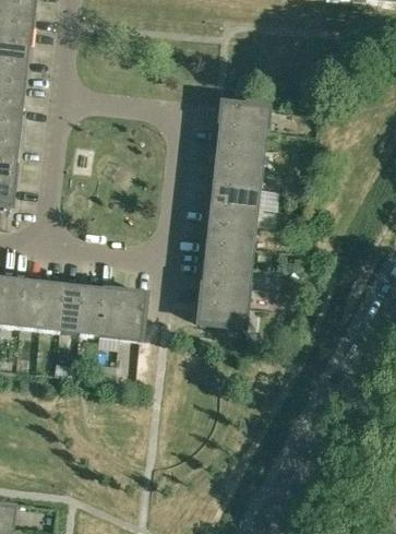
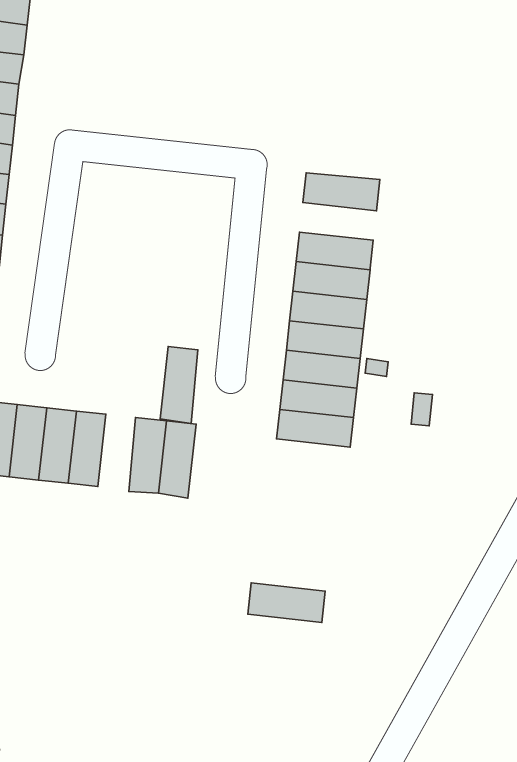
building: [217,102,268,128] -> none
building: [213,143,264,168] -> none
building: [79,284,104,335] -> [160,346,198,424]
building: [195,300,247,327] -> [248,583,325,622]

